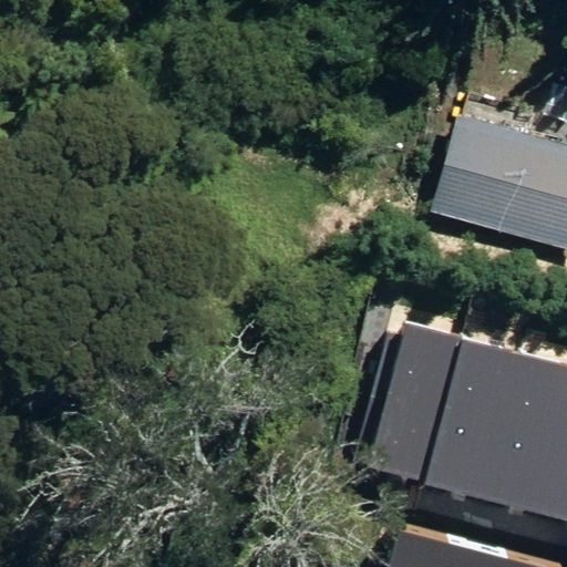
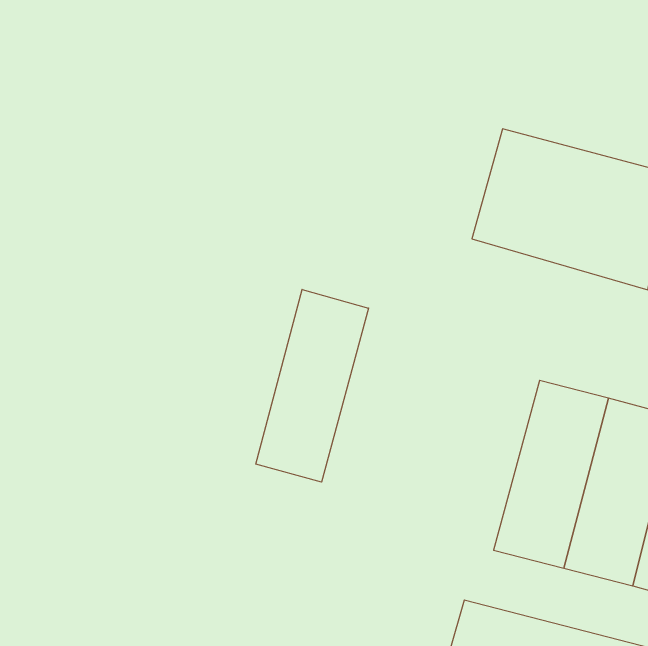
building: none -> [256,289,369,482]
building: [372,319,472,483] -> none

